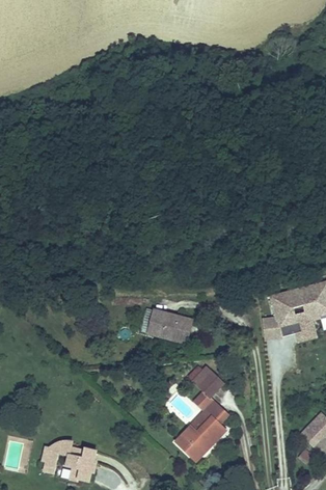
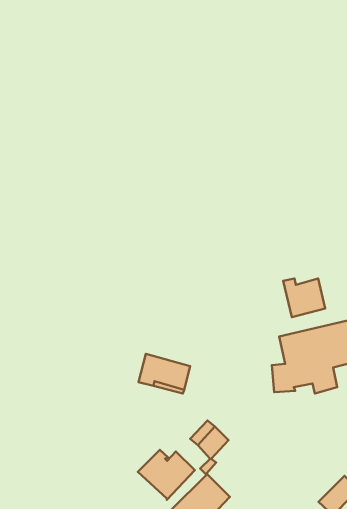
building: none -> [283,278,325,317]
building: none -> [138,450,195,500]

